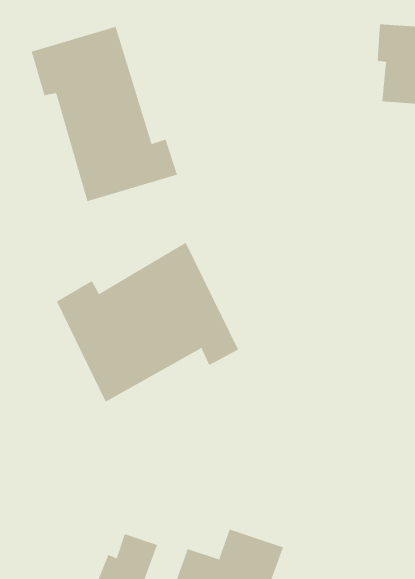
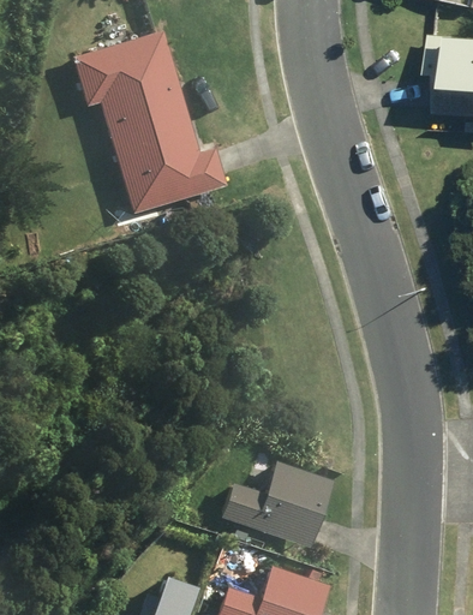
building: [56,242,239,403] -> none
building: none -> [228,455,339,541]

